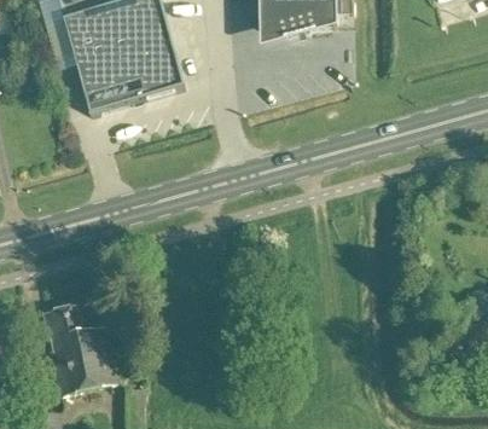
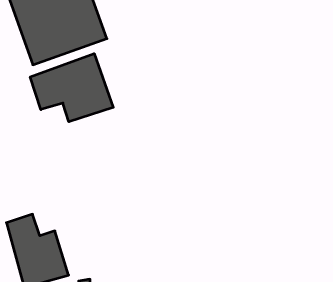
building: none -> [30,54,113,122]

